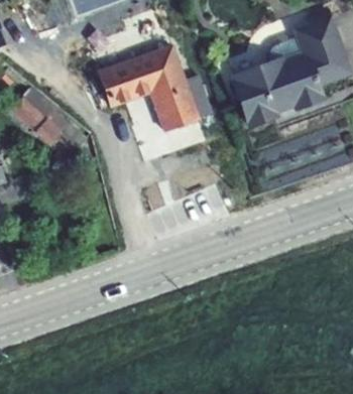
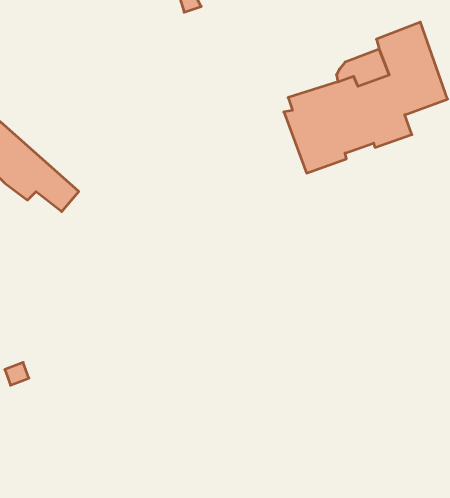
building: [97,44,199,130] -> none

